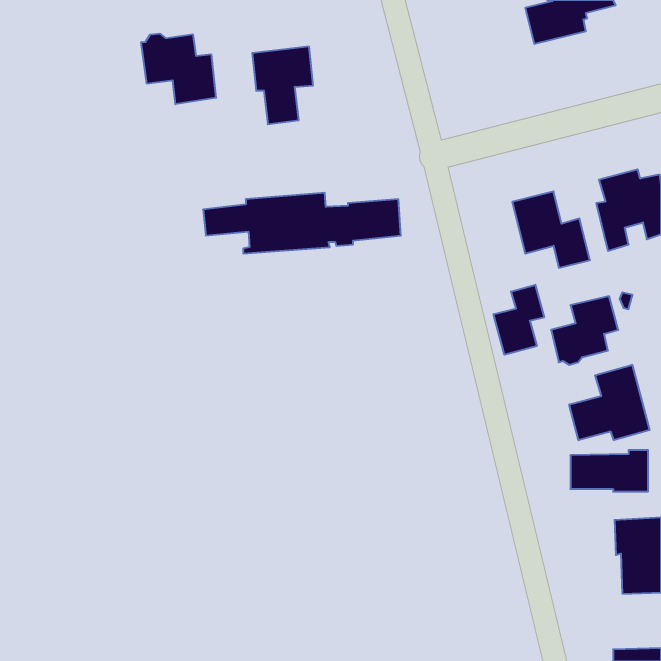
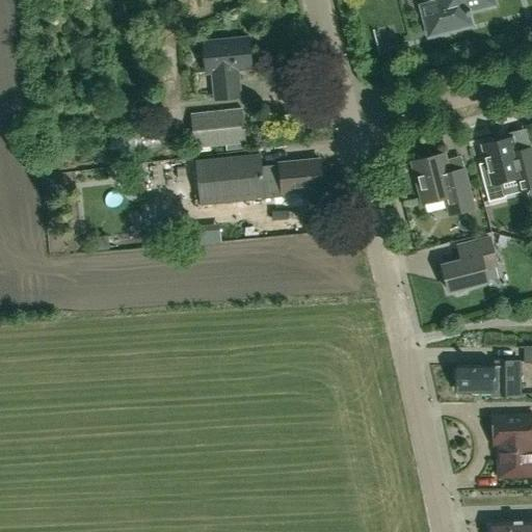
building: [141,34,216,104] -> none
building: none -> [192,109,245,148]
building: [494,285,544,355] -> none
building: [569,365,650,440] -> none

